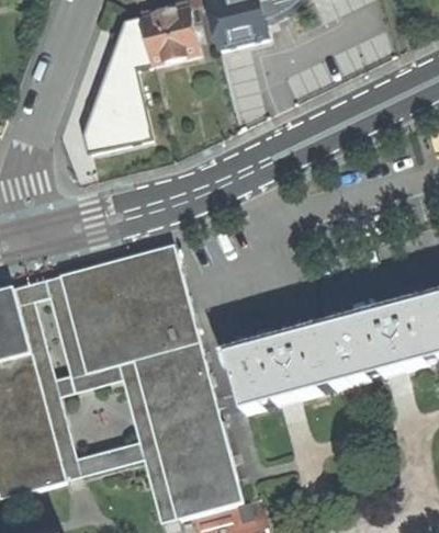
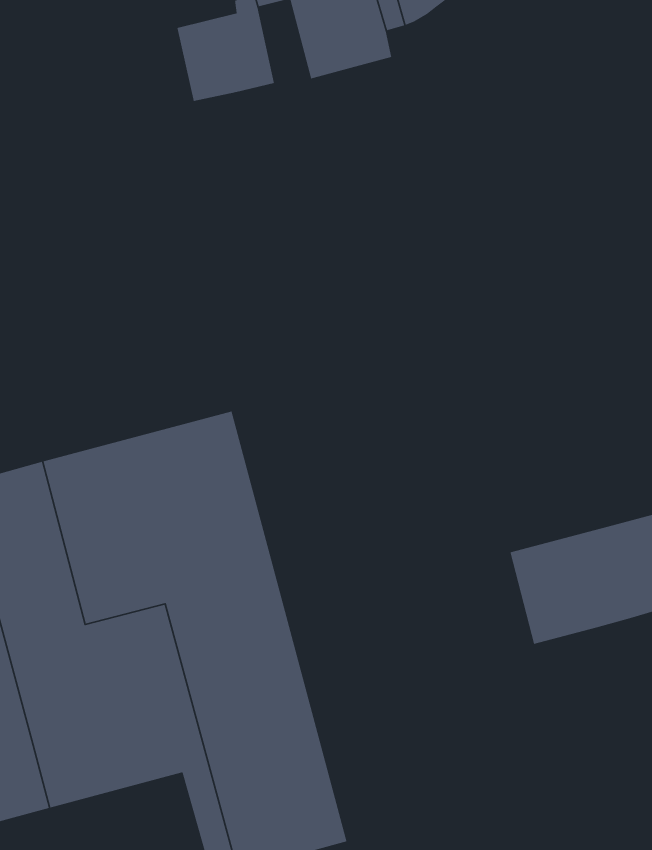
building: [83,16,149,149] -> none
building: [228,326,349,409] -> none

